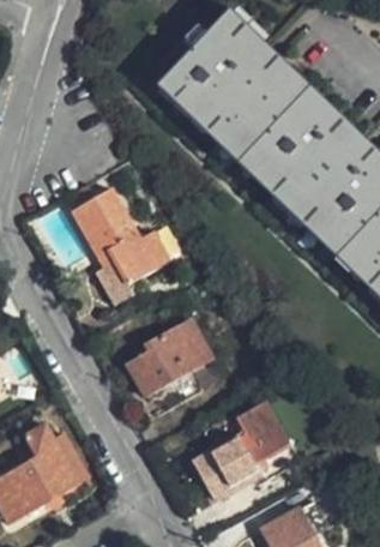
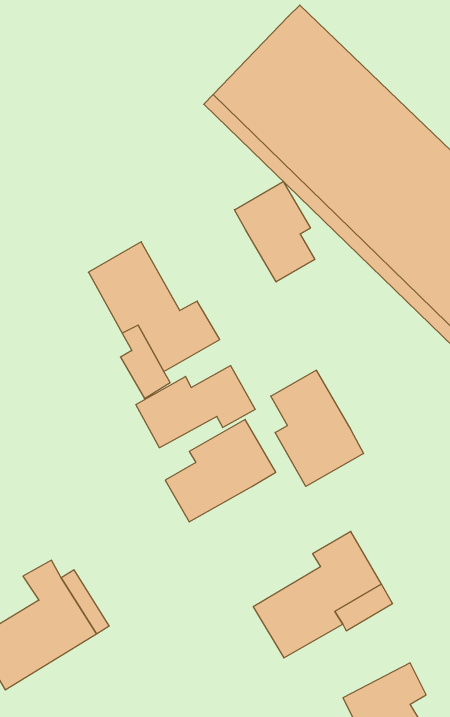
building: none -> [234,181,315,282]
building: none -> [136,366,255,448]
building: none -> [271,370,364,486]

